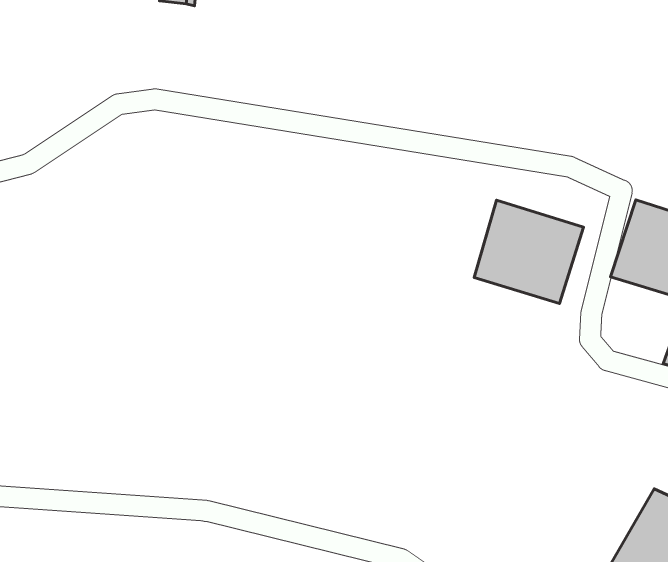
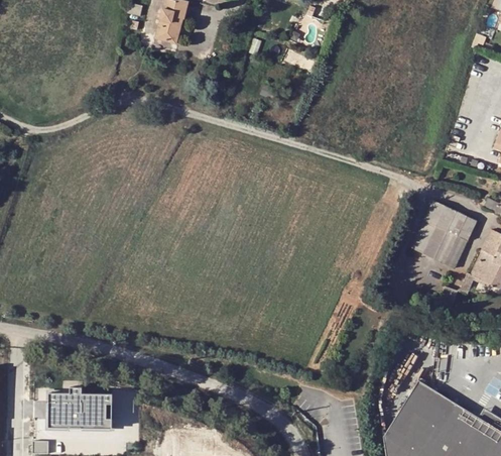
building: [474,200,583,304] -> none

